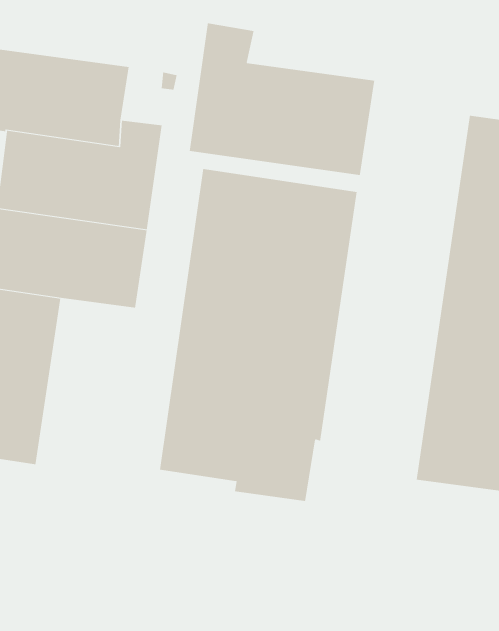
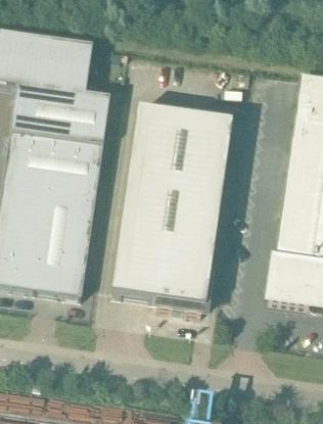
building: [189,23,375,176] -> none
building: none -> [35,186,96,295]

